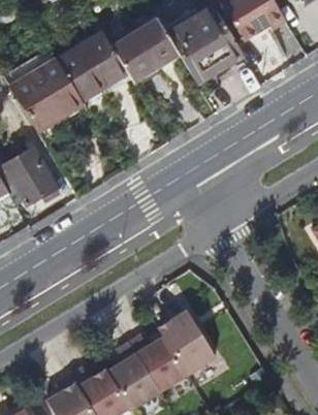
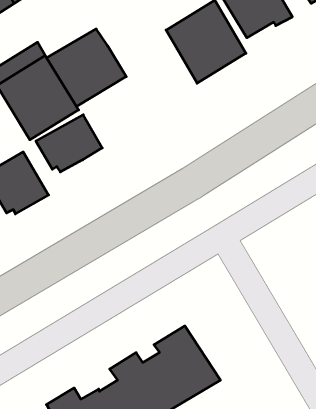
building: [113,19,178,79] -> none
building: none -> [36,115,102,172]

